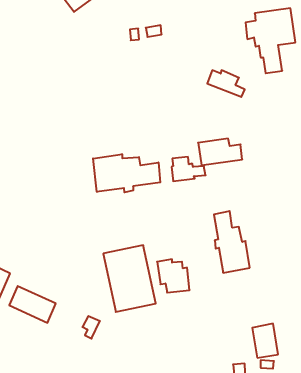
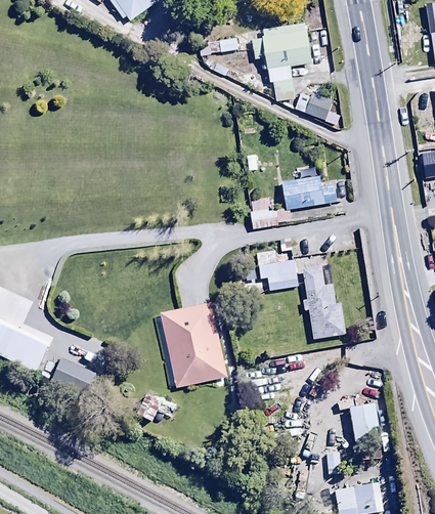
building: [246,8,295,73] -> [251,20,312,100]
building: [93,154,160,192] -> none
building: [157,259,190,293] -> [257,248,297,289]

